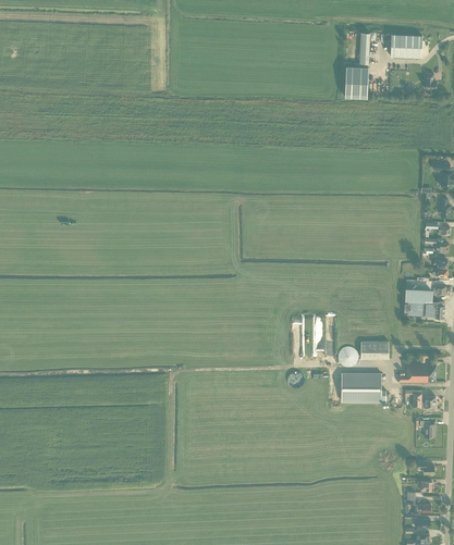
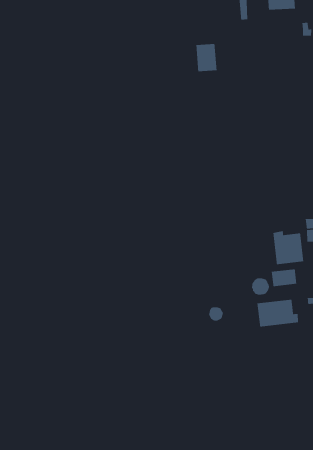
building: [344,66,367,98] -> [195,43,217,72]
building: none -> [272,230,304,265]

